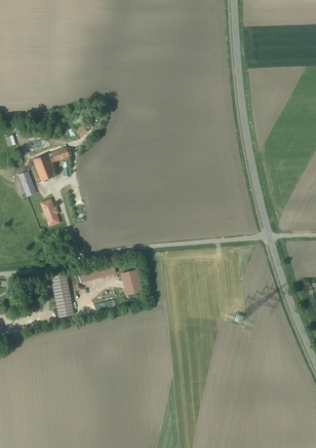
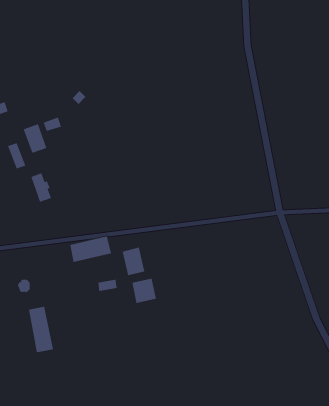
building: [50,274,74,318] -> [28,306,54,353]
building: none -> [132,278,156,304]

